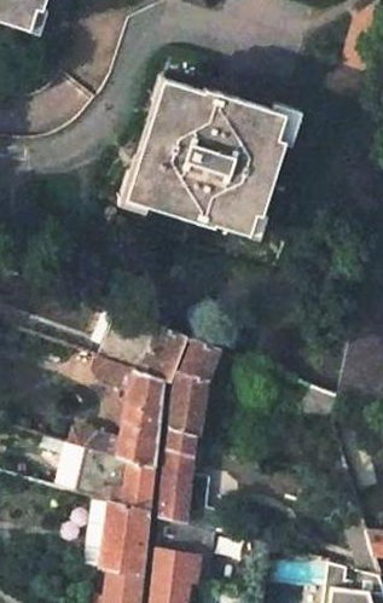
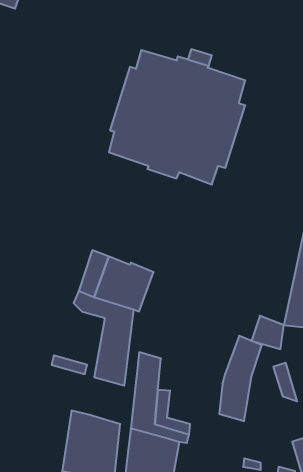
building: [169,340,219,439] -> [219,336,262,421]
building: [87,457,152,514] -> none

